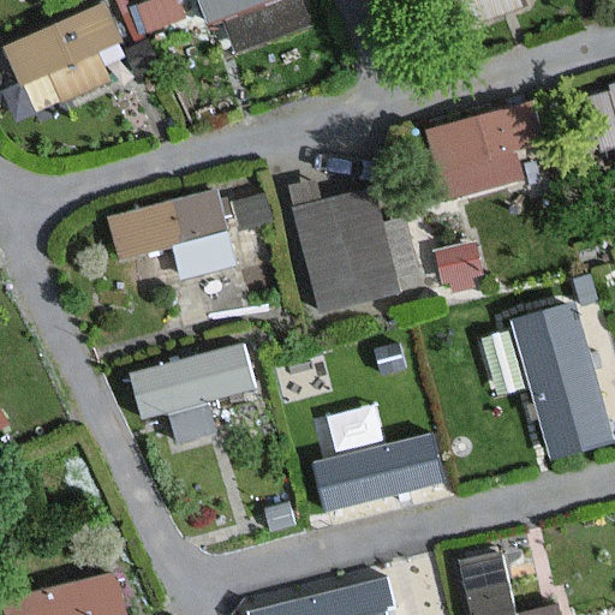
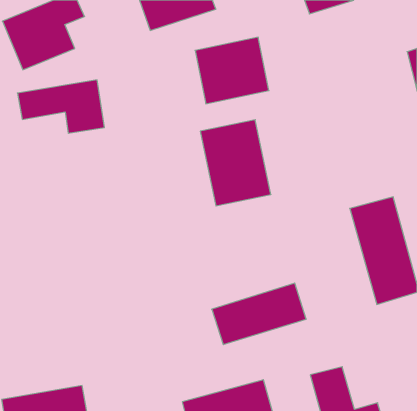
building: [423,106,531,203] -> [195,37,269,104]
building: [107,199,234,277] -> [17,80,104,133]
building: [131,348,255,417] -> none

